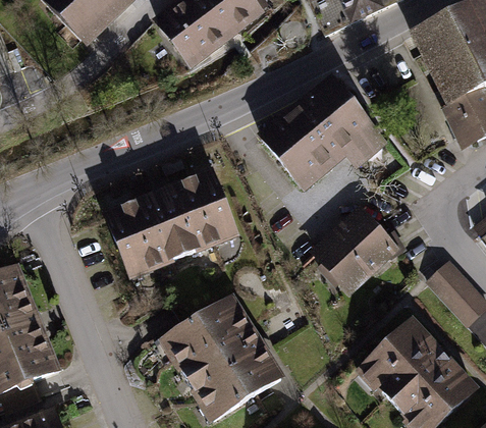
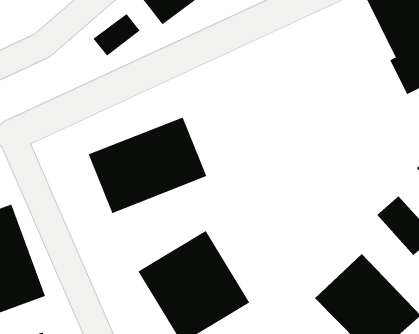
building: none -> [93,13,141,57]
building: [260,74,388,190] -> none
building: [310,205,403,298] -> none

